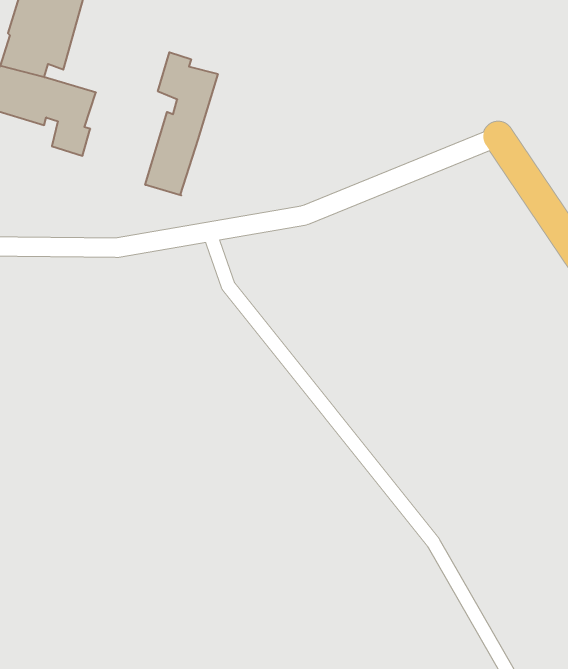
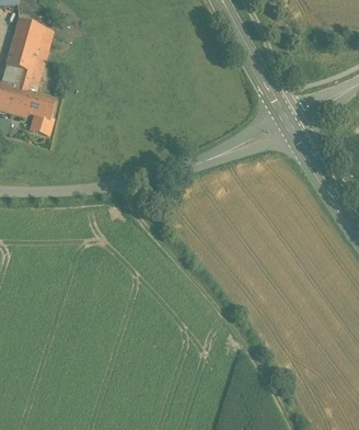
building: [145,52,218,195] -> none

